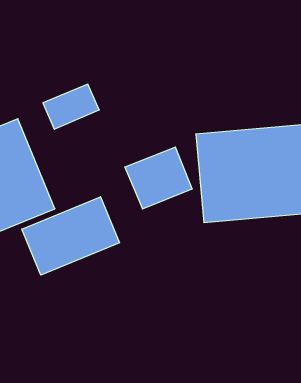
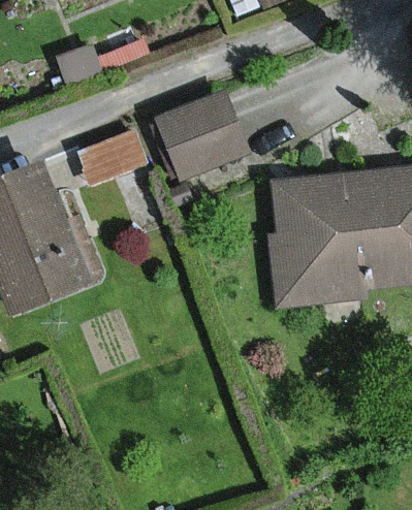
building: [125,147,192,209] -> [160,96,247,176]
building: [22,197,120,275] -> none

